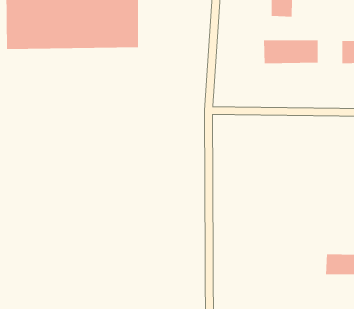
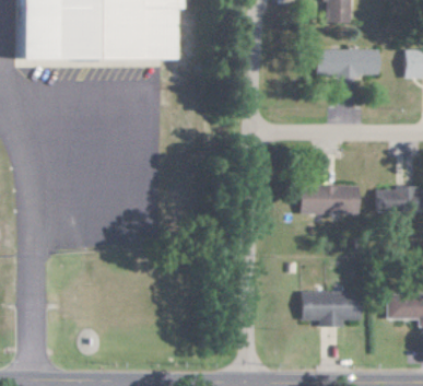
building: none -> [303,186,362,214]
building: none -> [378,188,415,211]
building: none -> [304,292,363,326]

